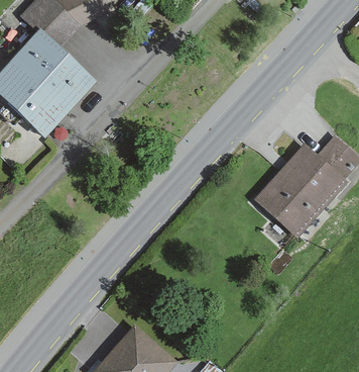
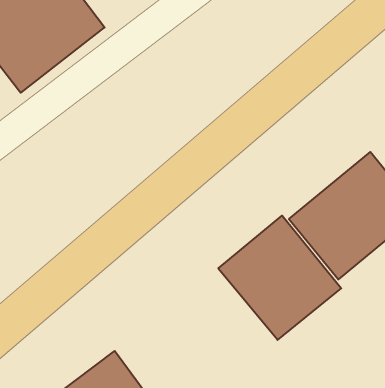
building: none -> [218,216,341,340]

